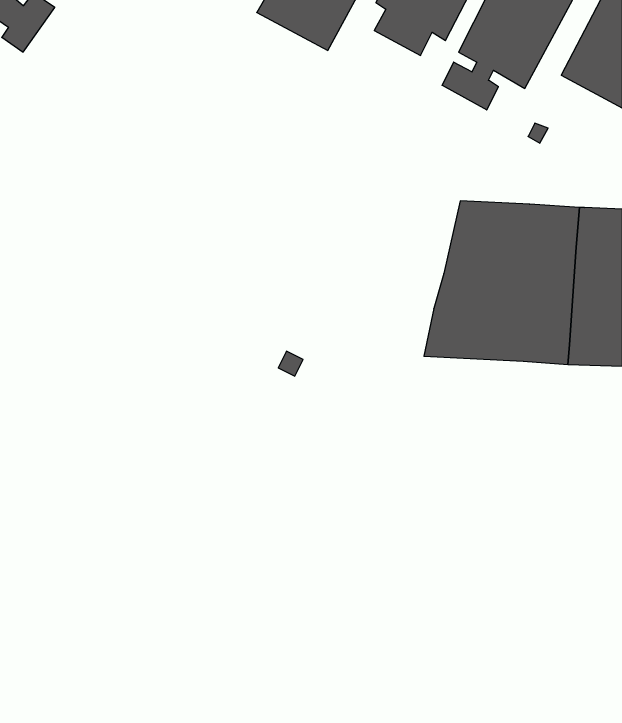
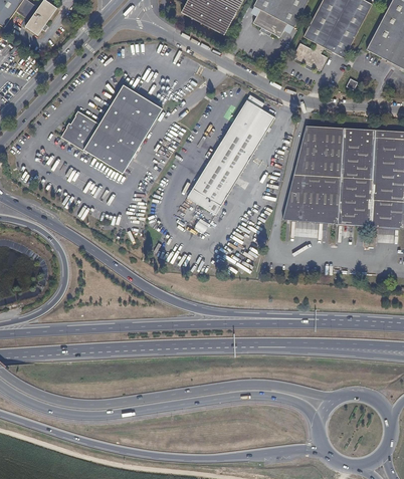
building: none -> [61,83,163,173]
building: none -> [185,95,273,217]

